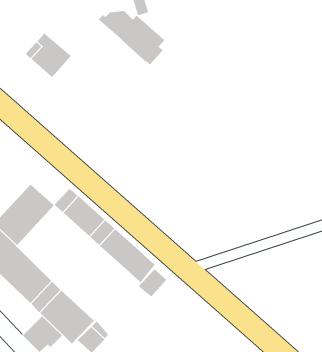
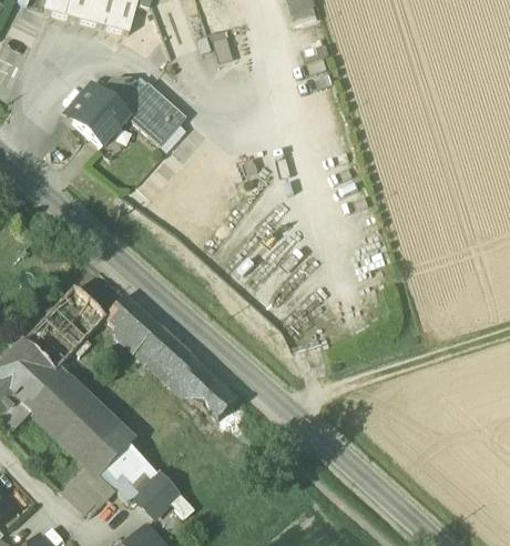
building: [98,10,165,65] -> [95,77,185,150]
building: [138,268,167,297] -> none

